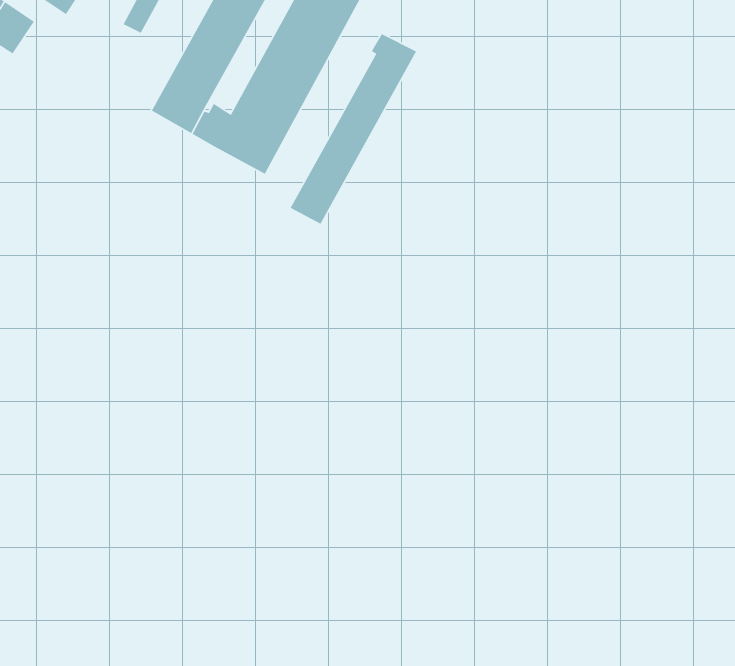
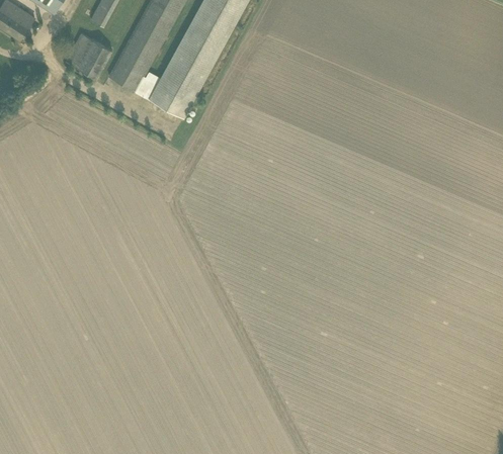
building: [289,33,417,225] -> none
building: none -> [65,32,111,77]

